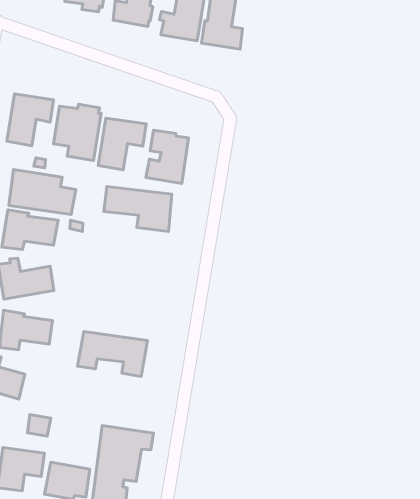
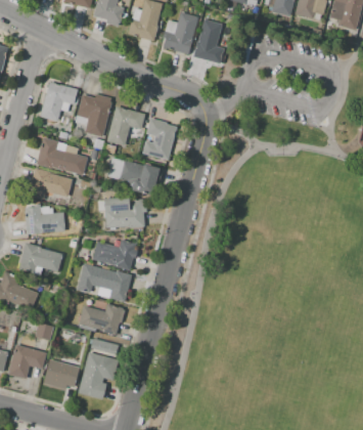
building: none -> [104,198,147,229]
building: none -> [93,239,137,269]
building: none -> [79,304,122,335]

